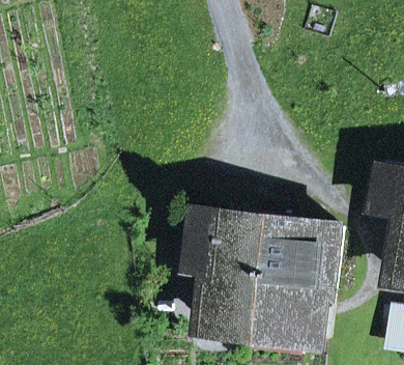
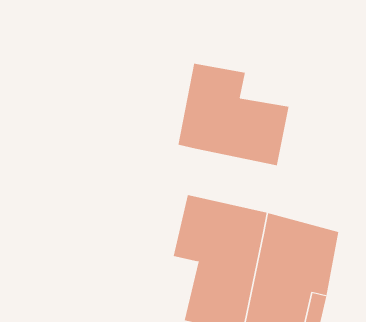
building: none -> [178,63,289,166]

